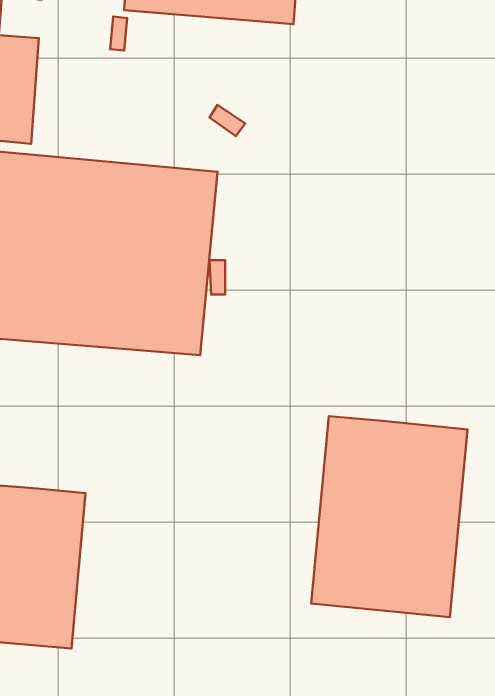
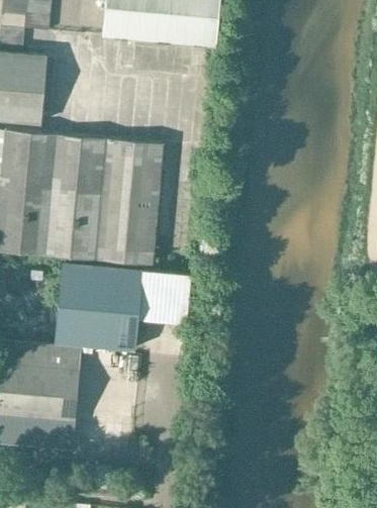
building: none -> [56,262,192,349]
building: [311,416,468,617] -> none

